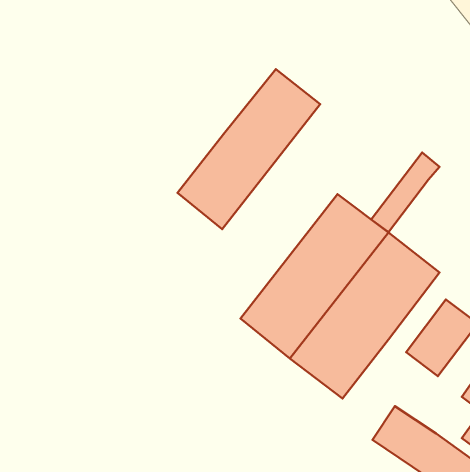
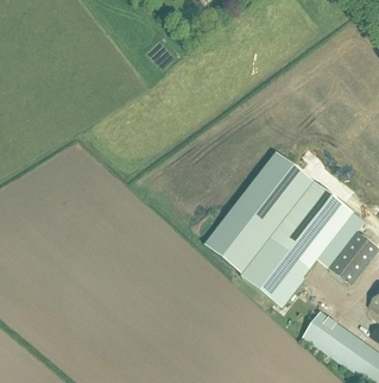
building: [178,69,320,229] -> none
building: [371,153,440,232] -> [315,212,366,271]

